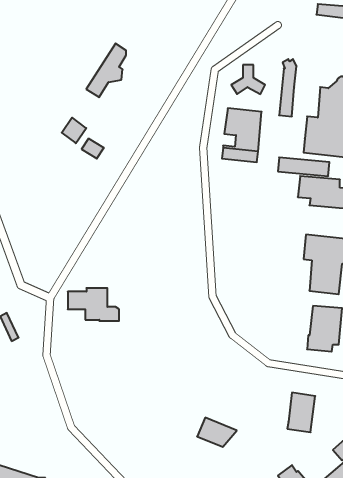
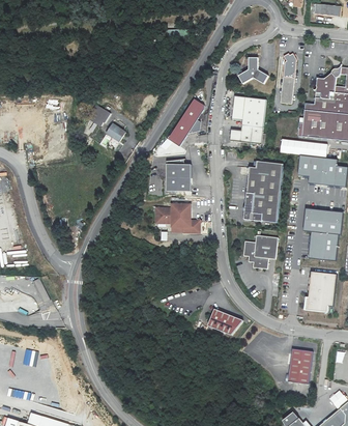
building: [86,43,126,97] -> [169,98,204,146]
building: none -> [166,160,192,192]
building: none -> [244,161,283,223]
building: none -> [243,235,278,268]
building: [68,288,119,321] -> [155,204,201,233]
building: [197,418,237,447] -> [207,309,242,335]

